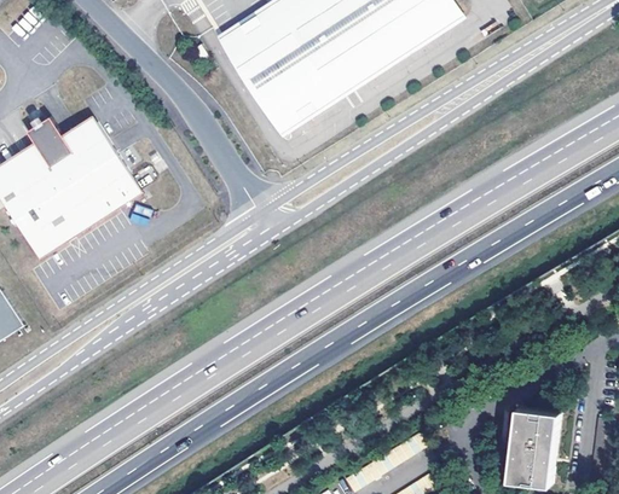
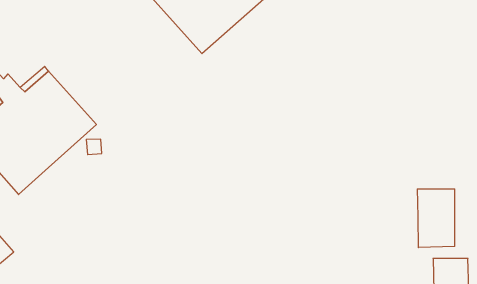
building: none -> [417,189,455,248]

